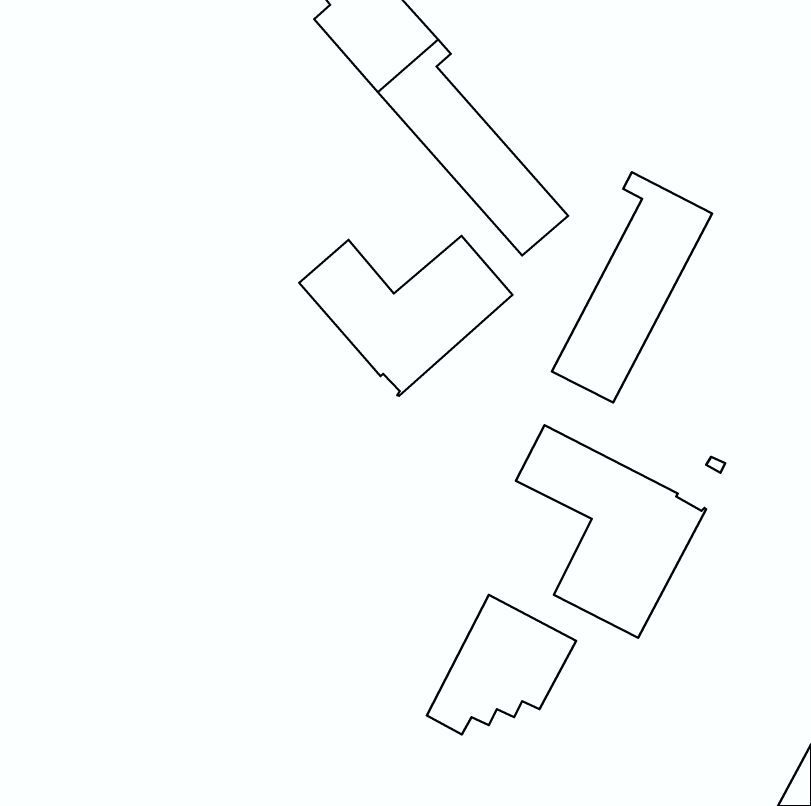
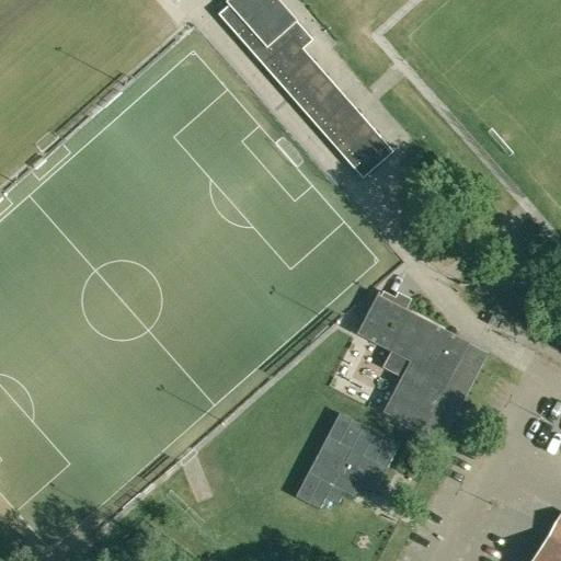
building: [552,172,712,403] -> none
building: [299,236,513,396] -> none

